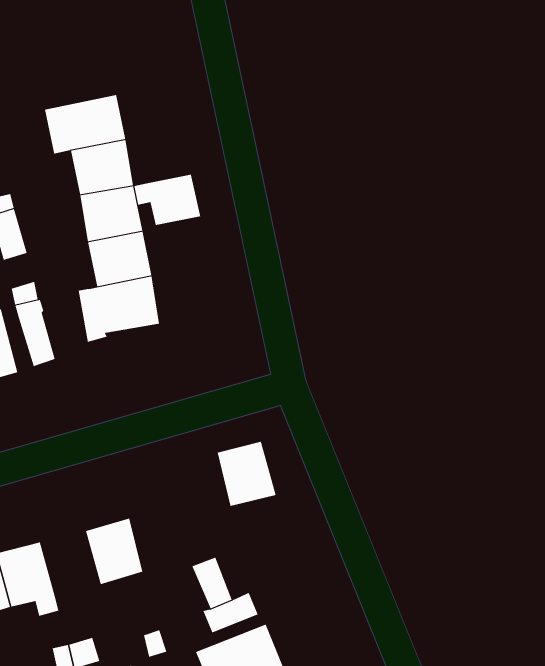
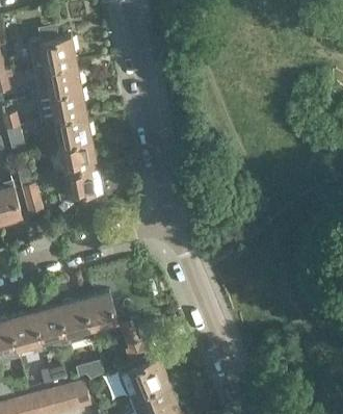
building: none -> [29,37,76,72]
building: [134,174,201,226] -> none
building: [217,441,276,506] -> [83,293,116,330]
building: none -> [33,307,67,343]

